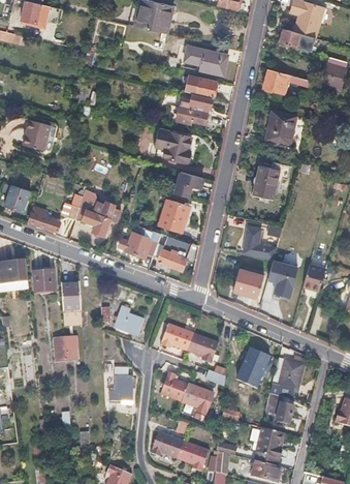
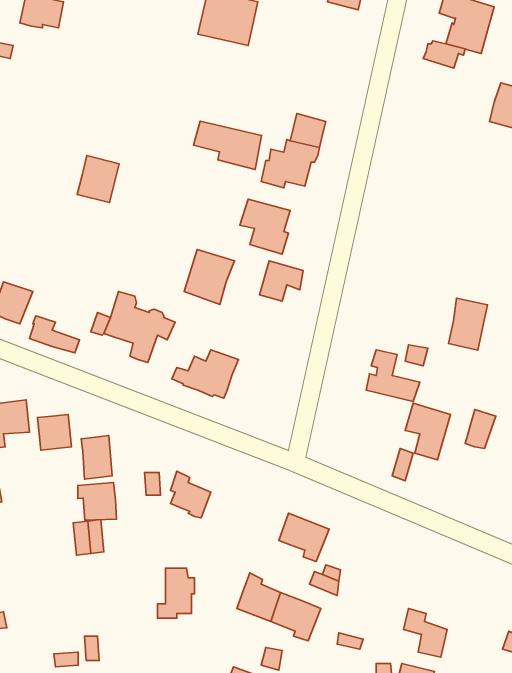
building: [184,44,227,75] -> [194,121,262,170]
building: [263,70,312,95] -> none
building: [264,110,295,144] -> none
building: [23,118,50,148] -> [77,156,119,203]
building: [253,165,278,199] -> [449,298,487,350]
building: [159,199,191,234] -> [184,249,234,304]
building: [154,235,191,270] -> none
building: [232,269,262,298] -> none
building: none -> [78,483,117,520]
building: [160,323,193,350] -> none
building: [243,349,269,374] -> none
building: [269,352,307,399] -> none

